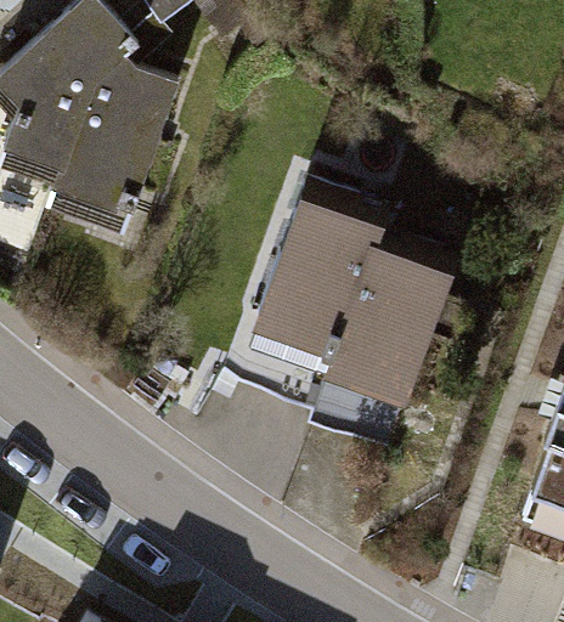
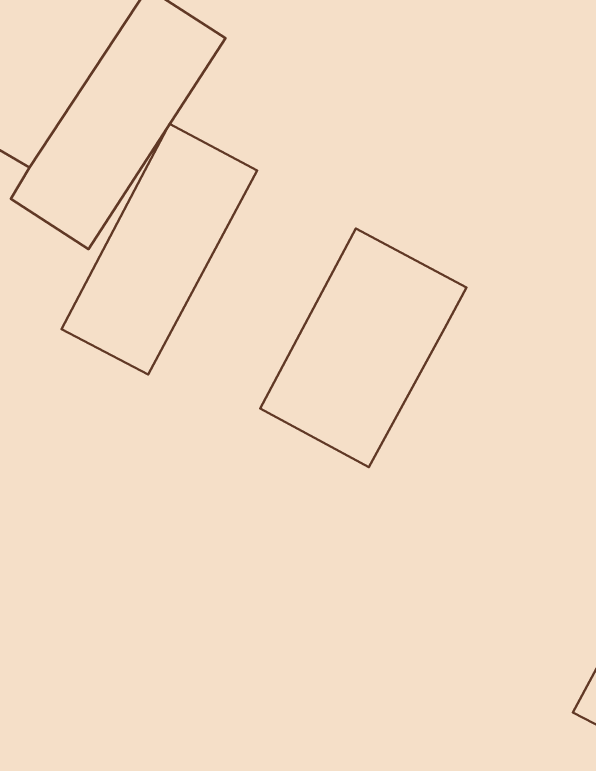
building: none -> [61,124,257,375]
building: [329,250,450,417] -> none

